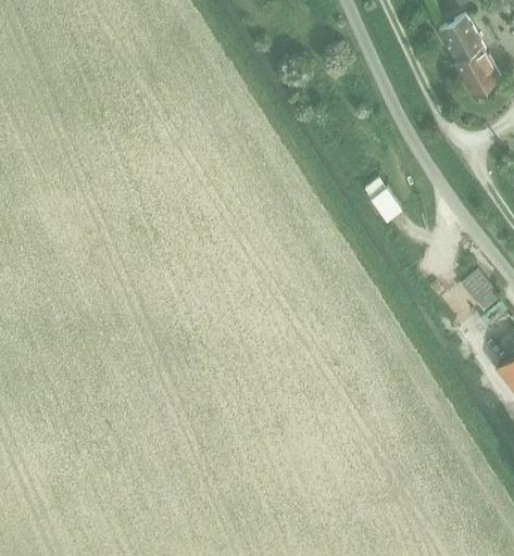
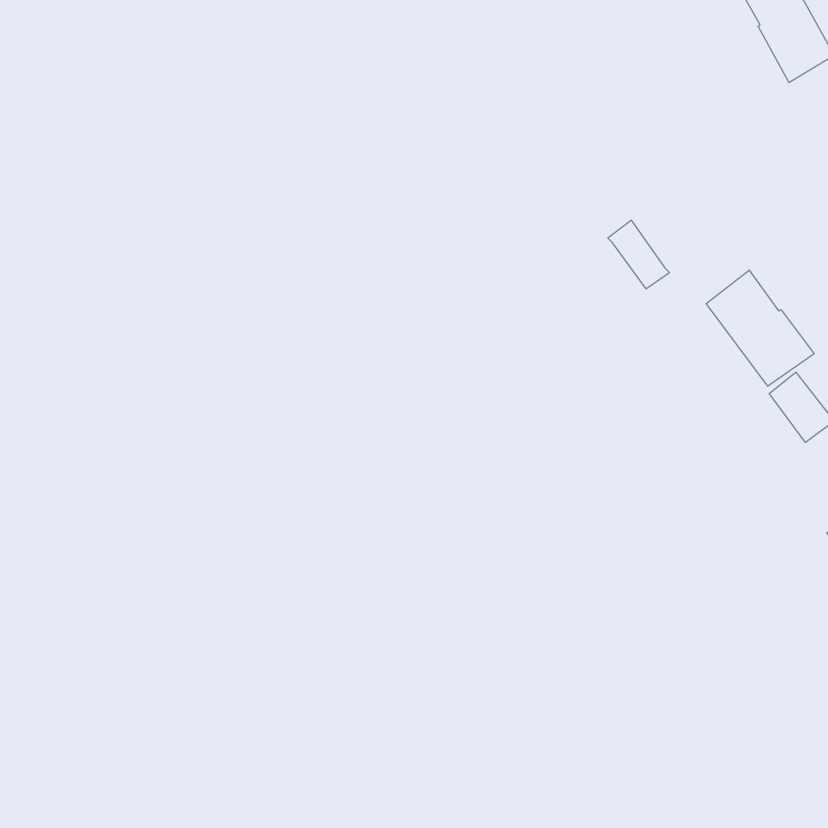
building: none -> [706,270,814,386]

